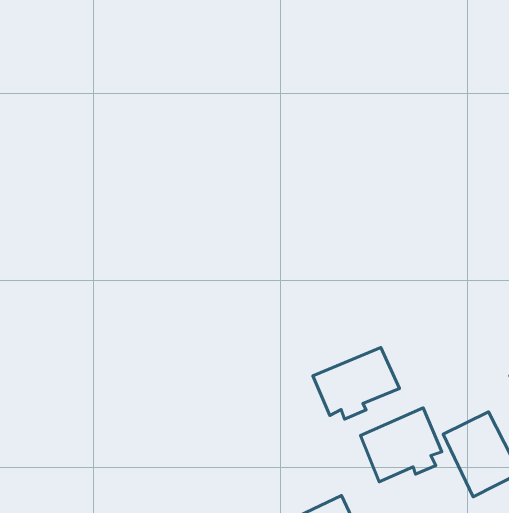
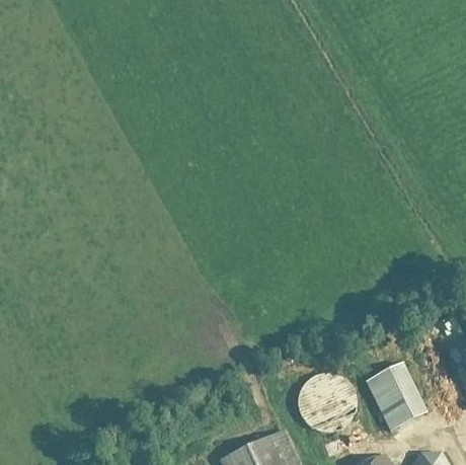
building: [313,347,400,419] -> none

